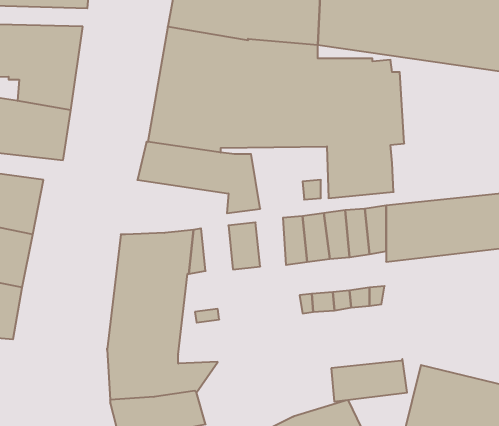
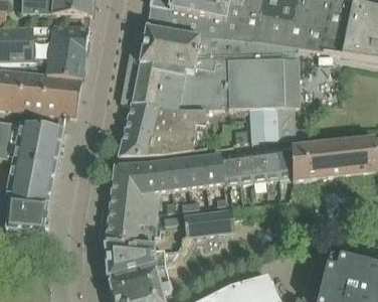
building: none -> [119,128,186,154]
building: none -> [204,153,224,185]
building: none -> [168,158,189,188]
building: [331,359,407,402] -> [182,207,232,236]

